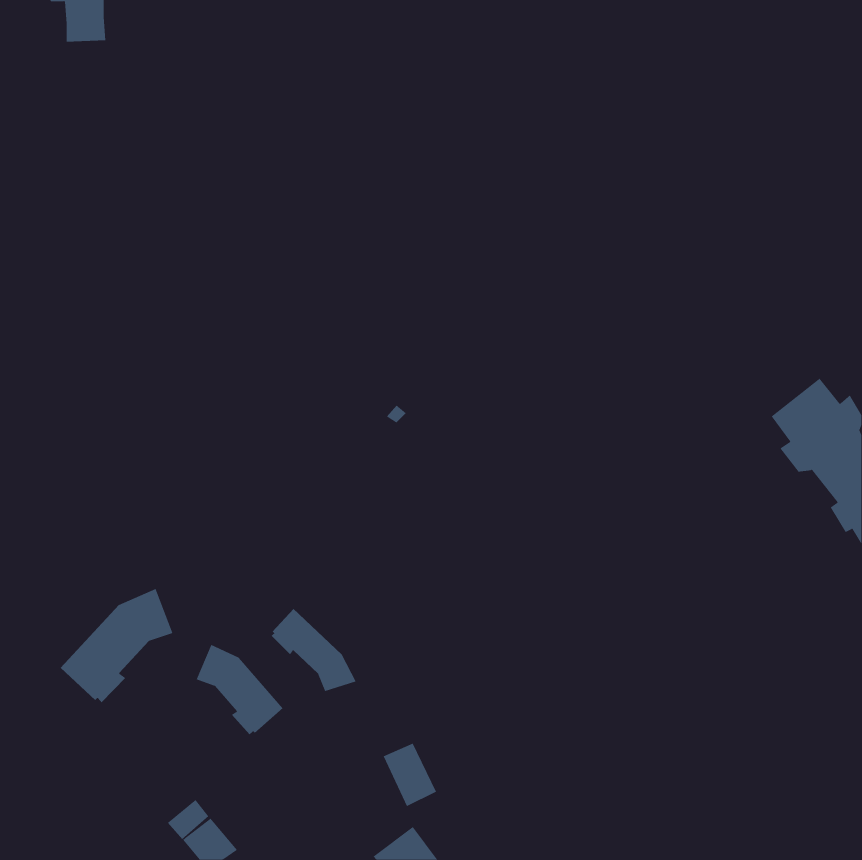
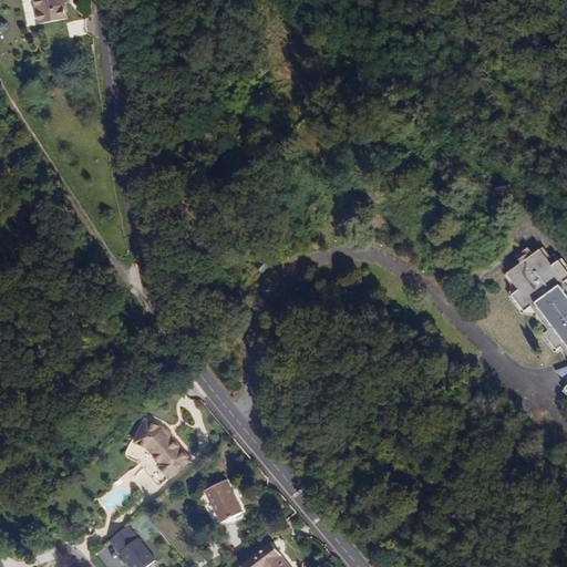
building: [60,588,173,703] -> none
building: [271,608,356,692] -> none
building: [383,743,437,807] -> [207,478,243,520]

